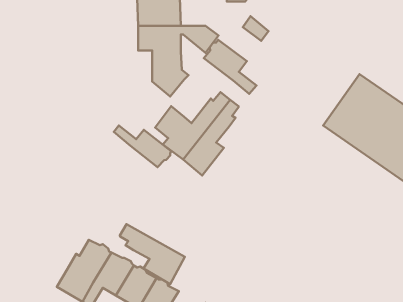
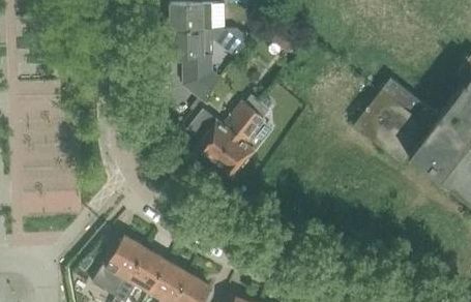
building: [204,40,256,94] -> none
building: [114,125,171,167] -> none
building: [120,224,185,284] -> none

